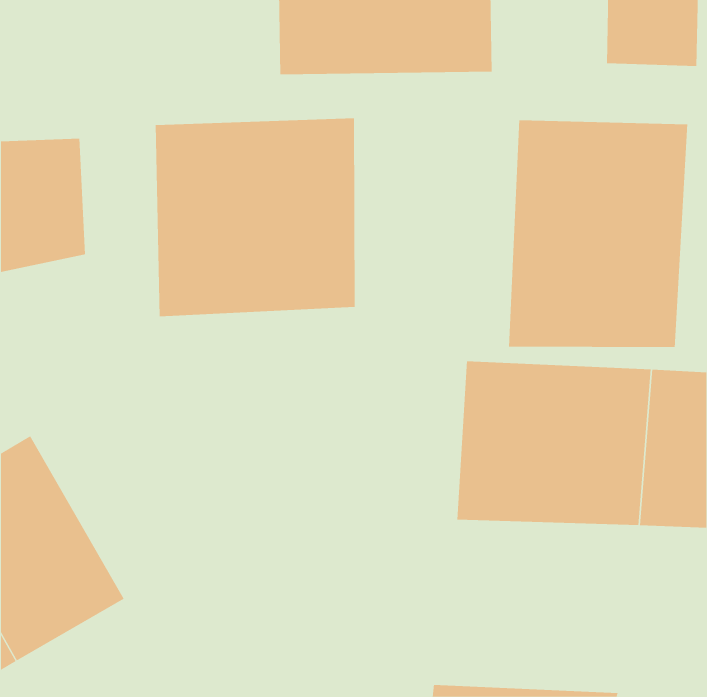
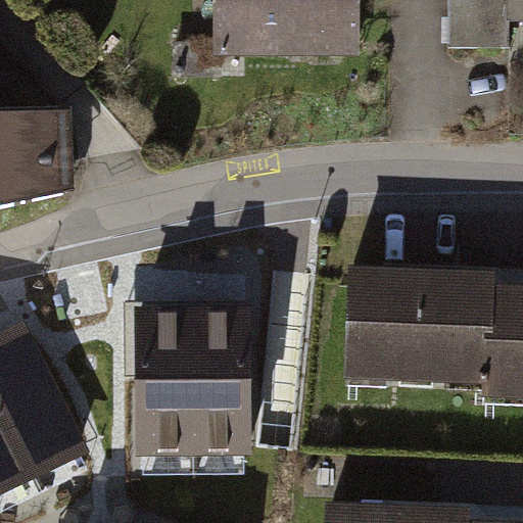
building: [155,118,355,317] -> none
building: [509,119,688,348] -> none
building: none -> [139,300,248,450]

